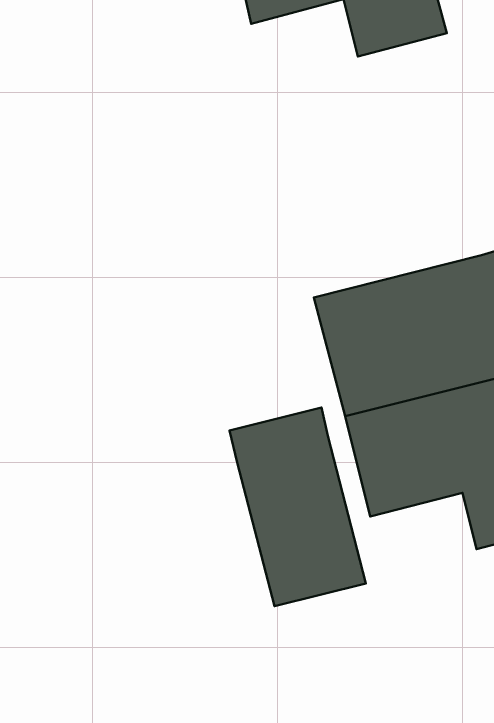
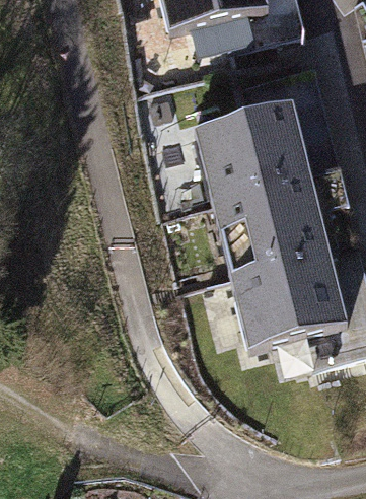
building: none -> [191,81,320,211]
building: [229,407,366,606] -> none

